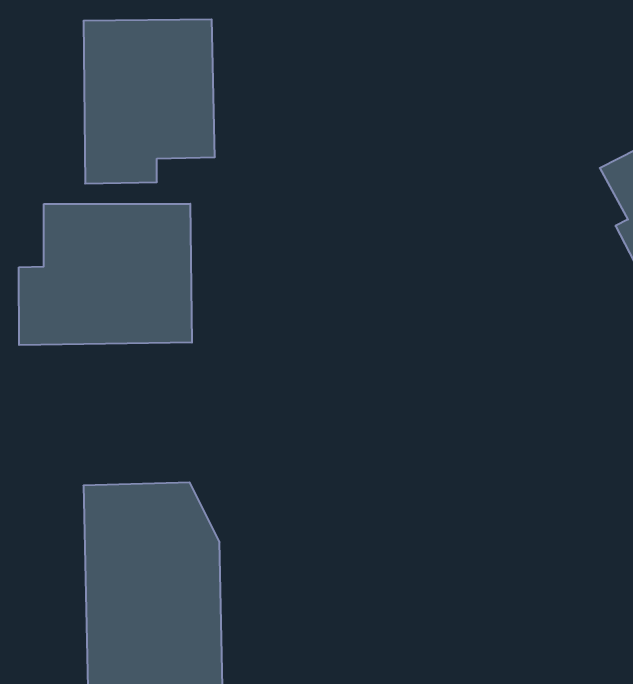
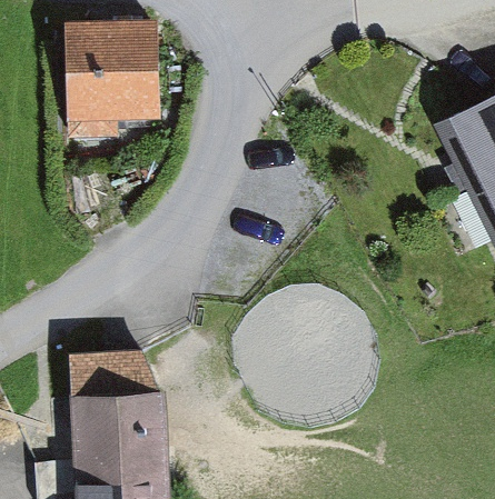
building: [19,204,192,345] -> none

